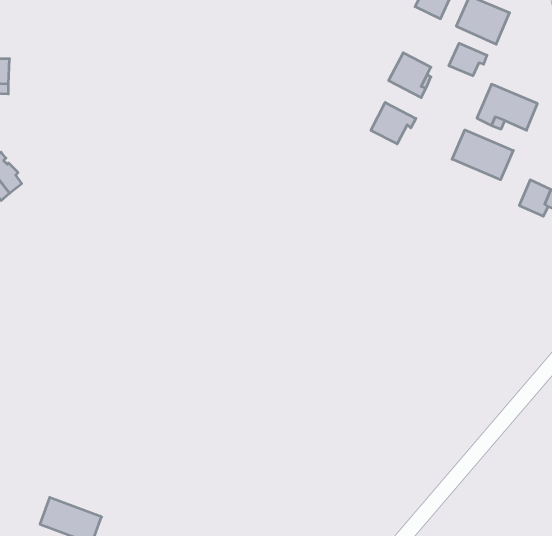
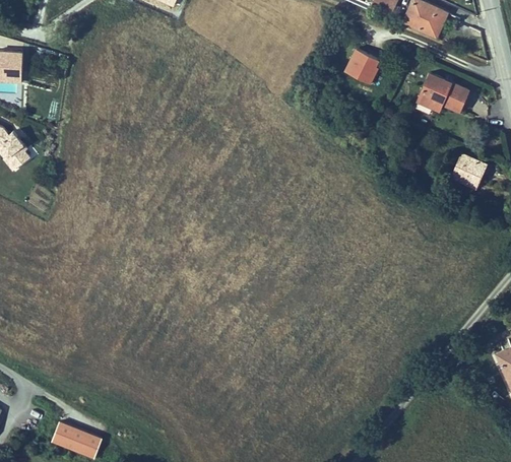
building: [449,43,487,76] -> none
building: [371,102,416,144] -> none
building: [452,130,513,180] -> none

